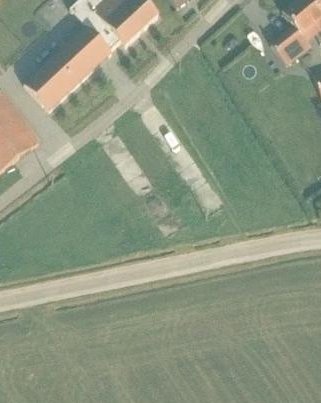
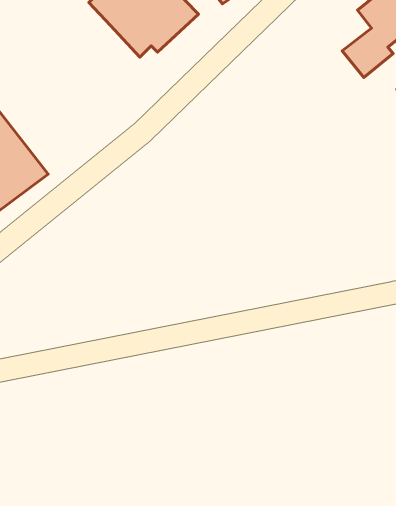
building: [26,22,113,108] -> none

